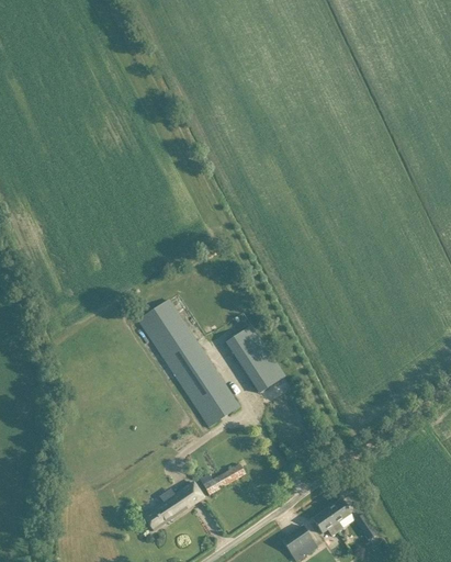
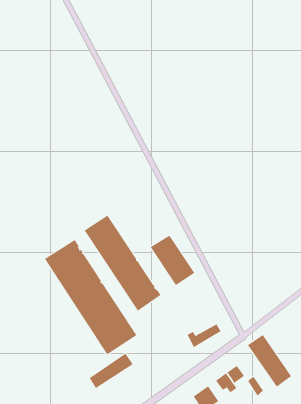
building: none -> [44,239,137,355]
building: none -> [247,334,292,388]
building: [200,463,246,495] -> [187,324,222,348]

